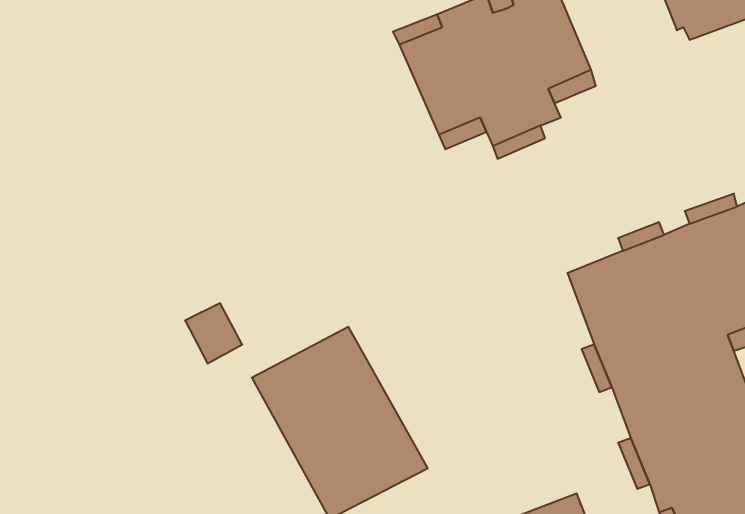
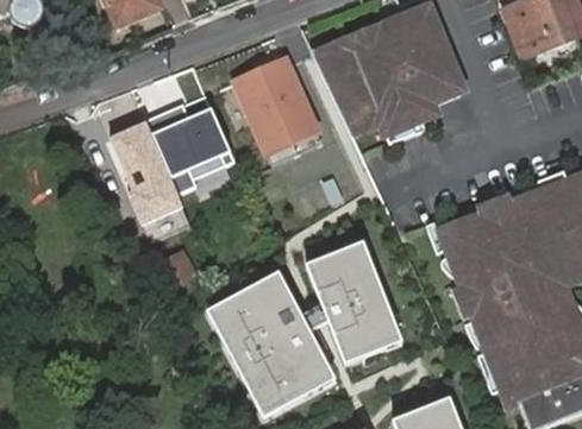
building: none -> [234,61,319,157]
building: none -> [102,94,233,240]
building: none -> [307,240,403,361]

